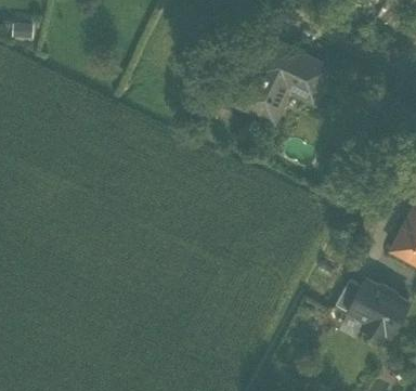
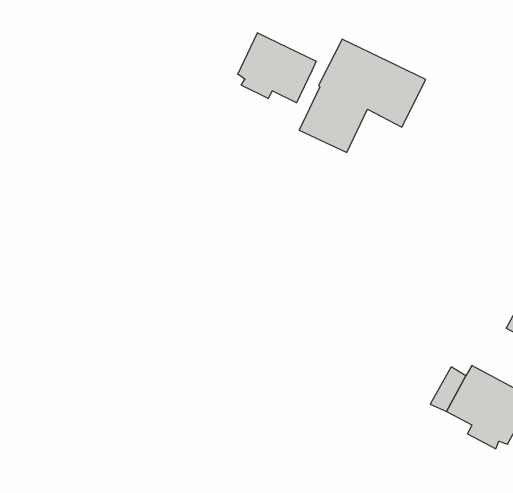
building: none -> [238,33,316,103]

